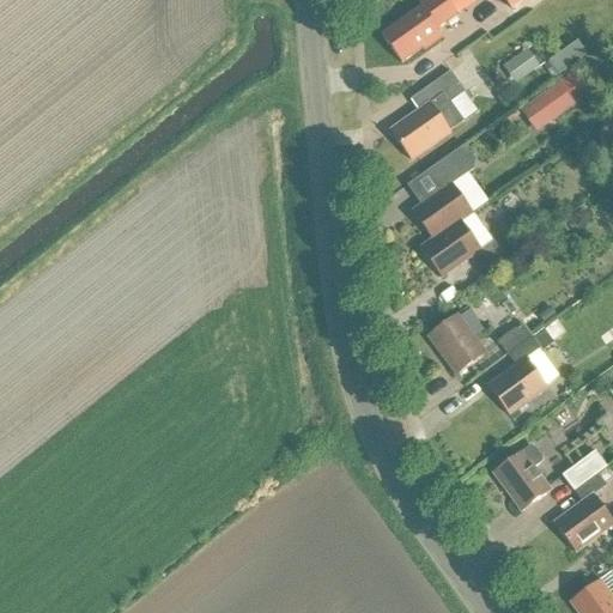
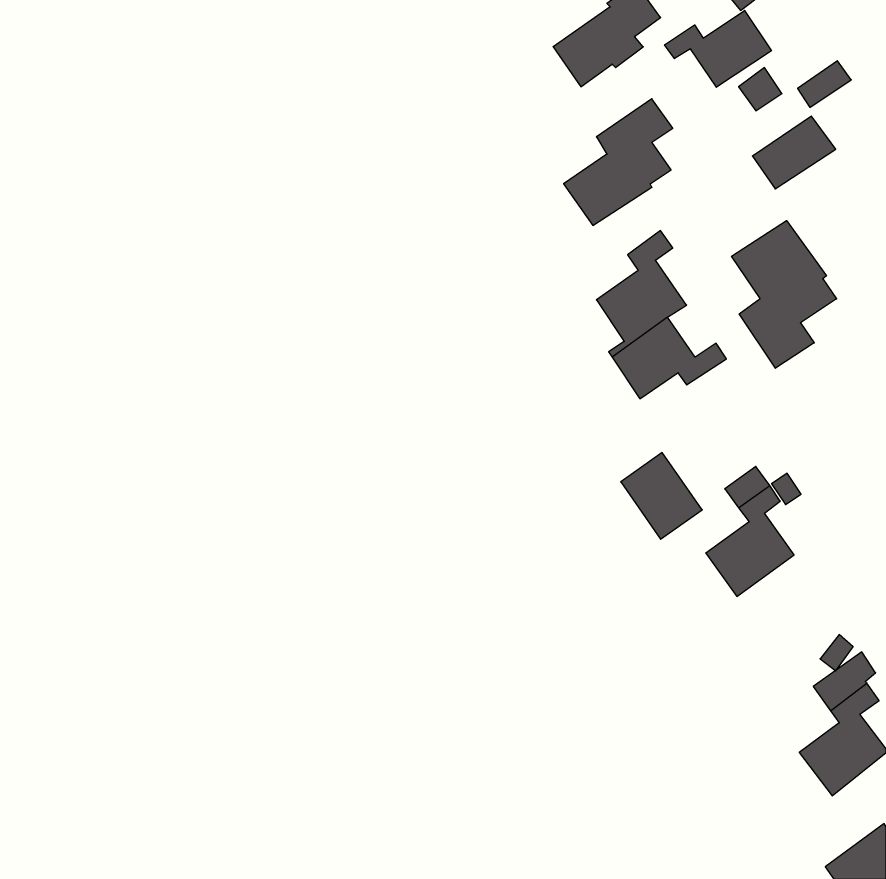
building: none -> [665,10,771,87]
building: none -> [732,221,837,368]
building: [492,447,552,509] -> none

